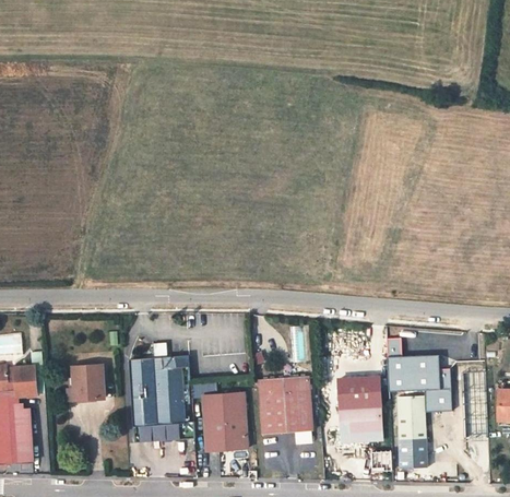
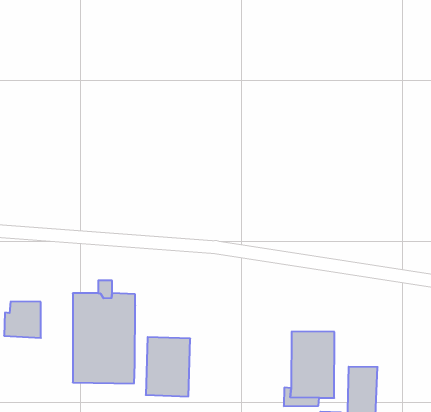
building: [387,342,451,414] -> none
building: [260,370,315,431] -> none

